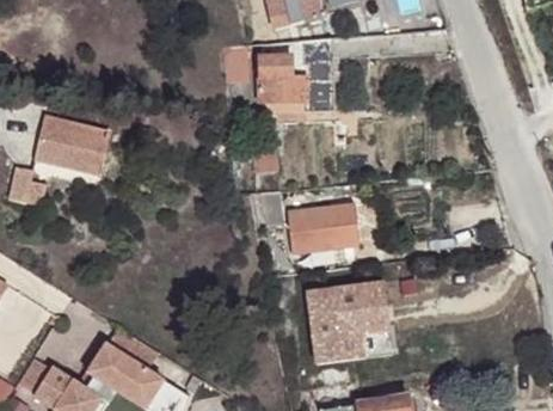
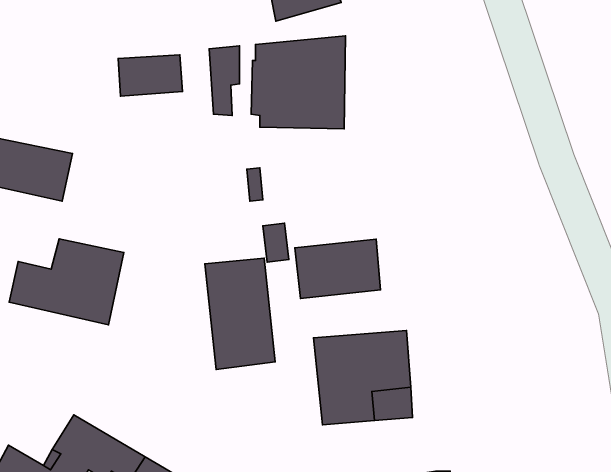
building: none -> [118,55,182,96]
building: none -> [9,239,124,325]
building: none -> [205,258,275,369]

